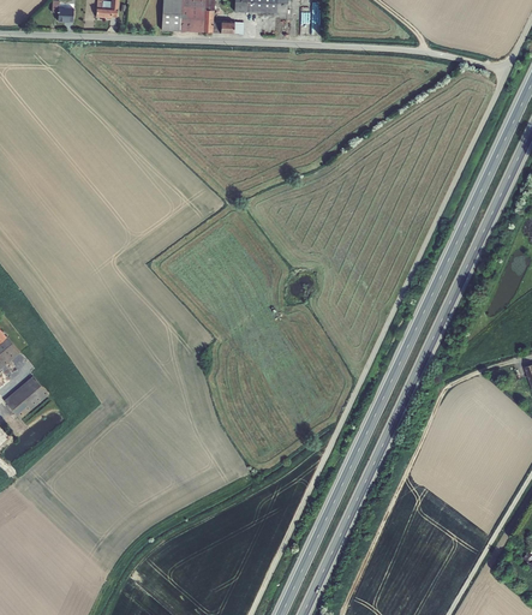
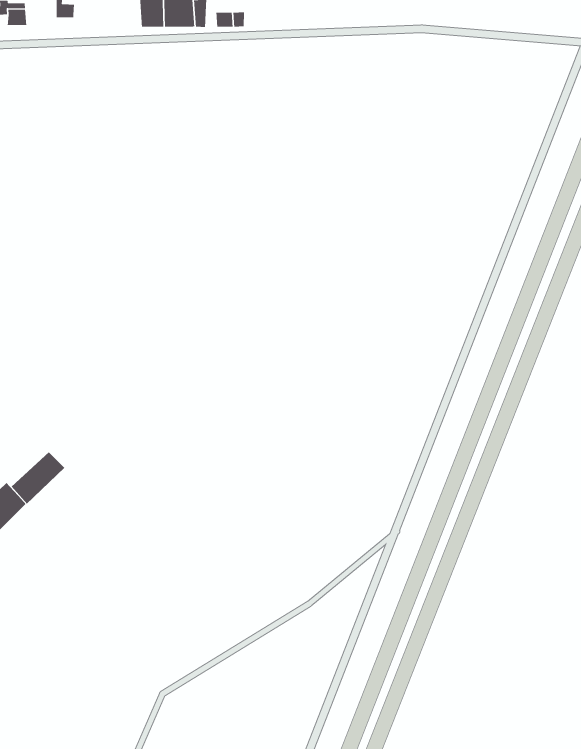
building: none -> [11,452,65,504]

